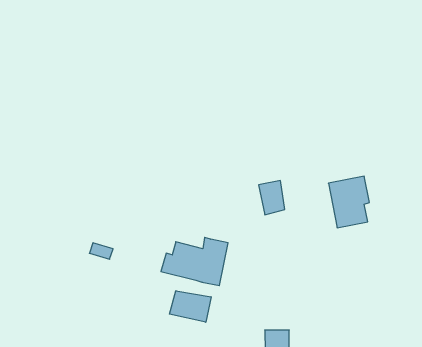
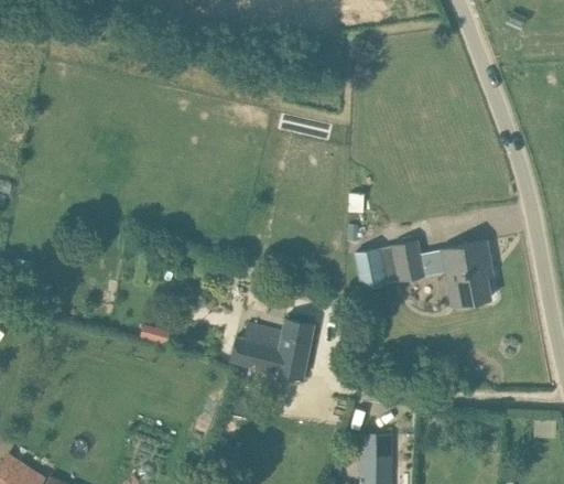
building: none -> [392,241,424,281]
building: [169,291,211,322] -> none

